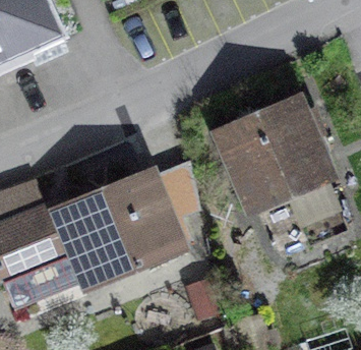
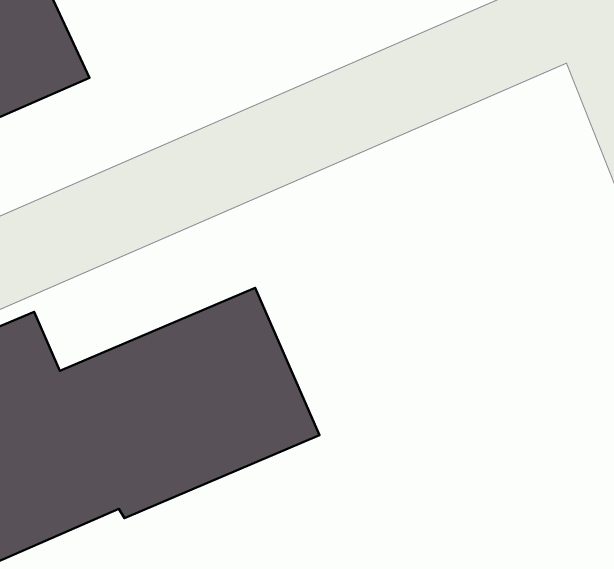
building: [219,94,336,210] -> none

